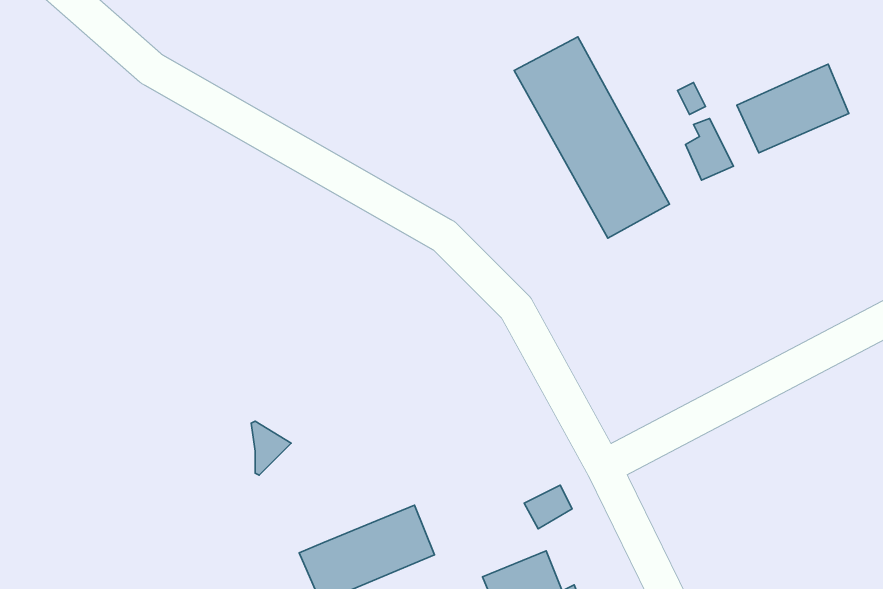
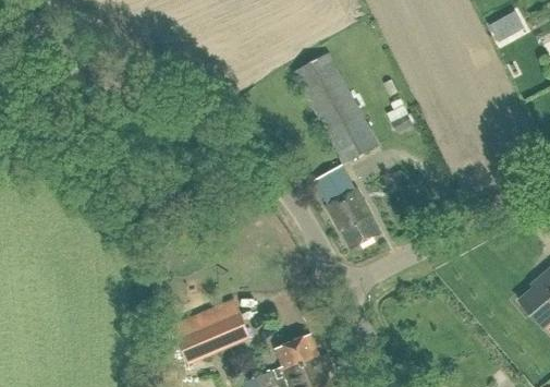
building: [737,64,849,153] -> none
building: none -> [314,164,380,249]

